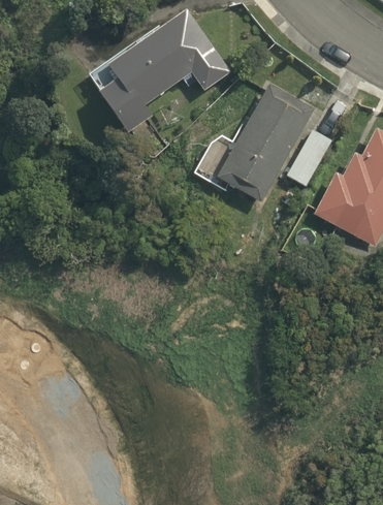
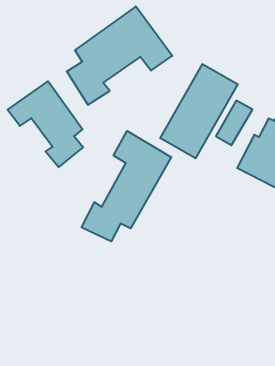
building: none -> [8,81,83,167]
building: none -> [82,131,171,241]

